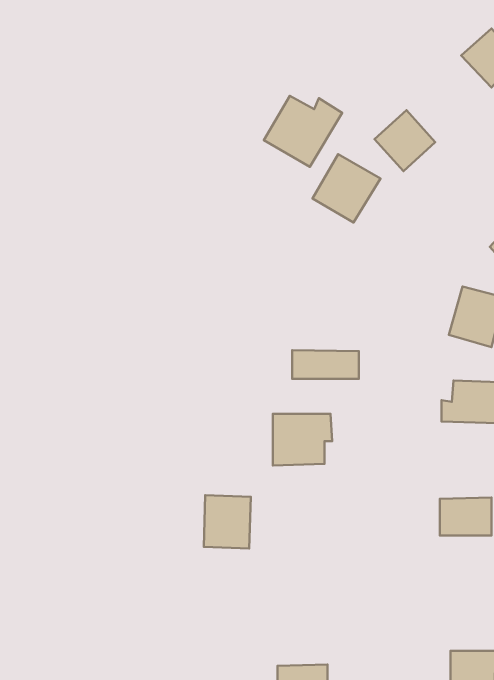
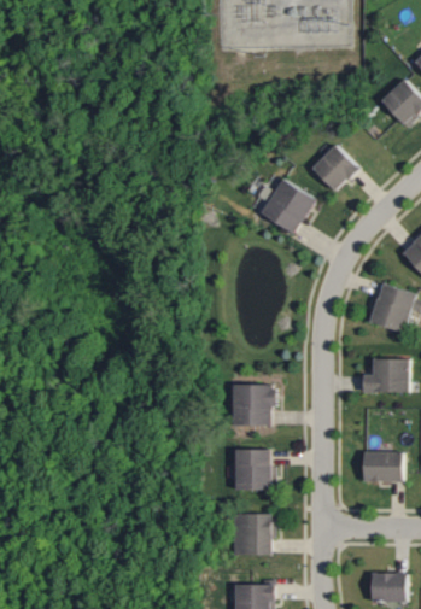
building: [264,96,342,167] -> none
building: [292,350,359,379] -> none
building: [204,495,251,548] -> [234,449,271,491]
building: none -> [230,514,271,555]

